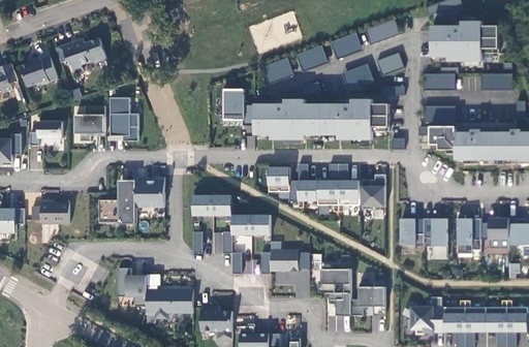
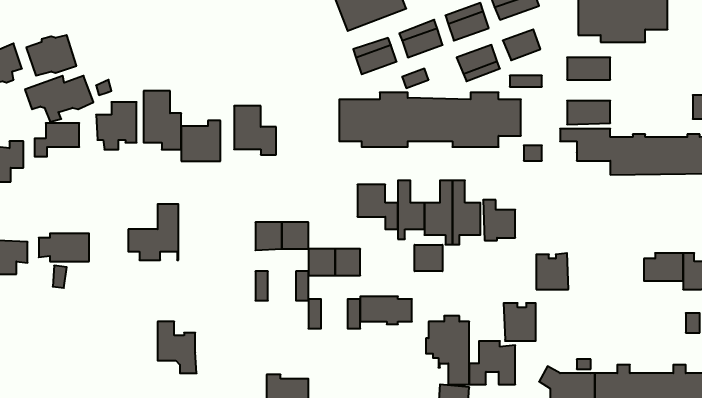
building: [57,37,107,71] -> [25,76,93,122]
building: [479,72,510,89] -> none
building: [222,88,253,124] -> [234,106,276,155]
building: [134,177,163,207] -> [181,121,220,161]
building: none -> [415,245,442,271]
building: [456,214,478,253] -> none
building: [422,217,445,245] -> [504,303,536,341]
building: [147,289,194,318] -> none

